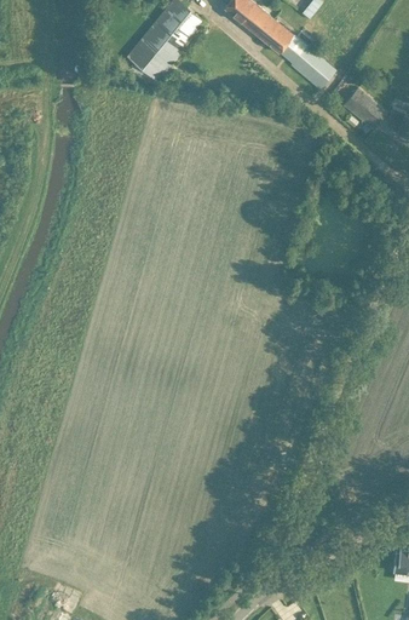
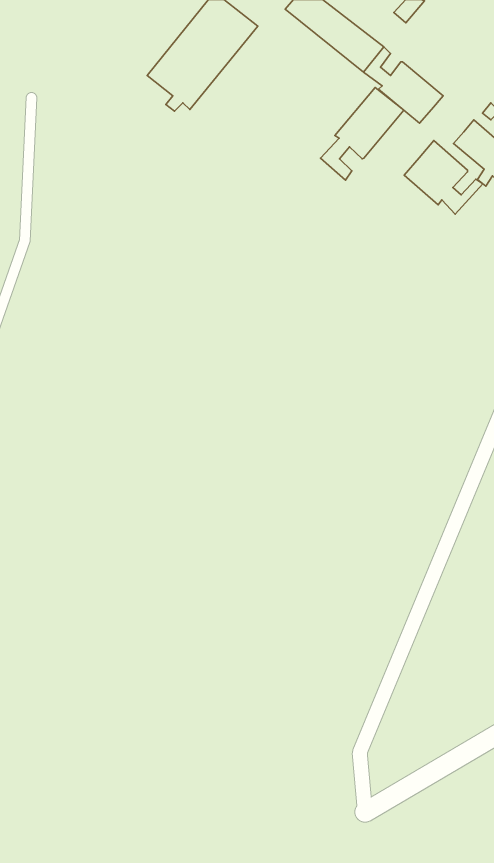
building: none -> [320,88,404,180]
building: none -> [404,140,483,214]

